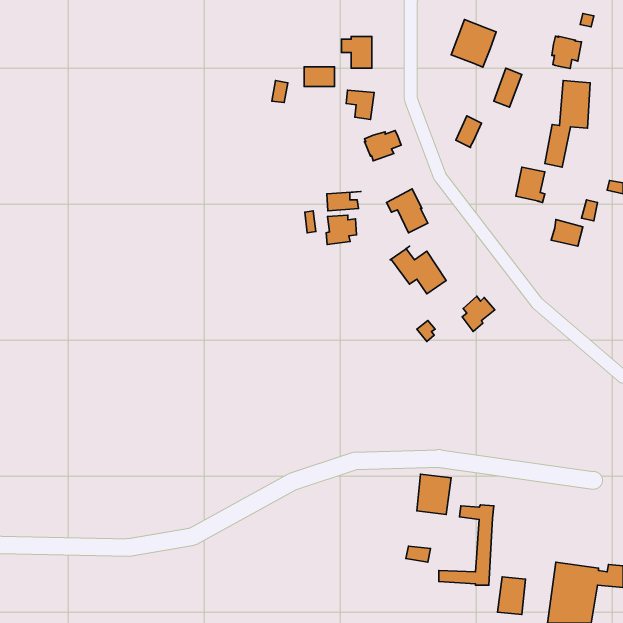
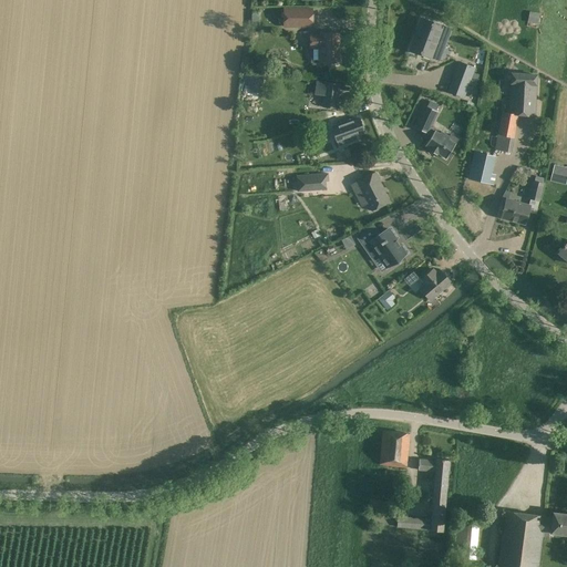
building: [552,36,582,69] -> none
building: [304,67,335,86] -> [284,9,311,27]
building: none -> [425,128,458,158]
building: [326,215,357,244] -> none

